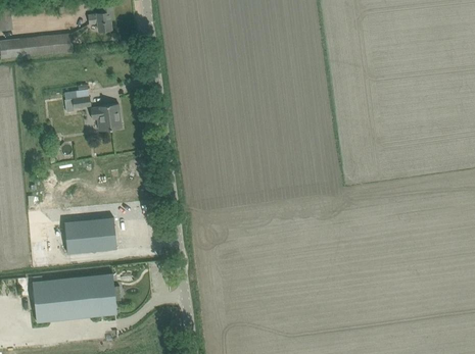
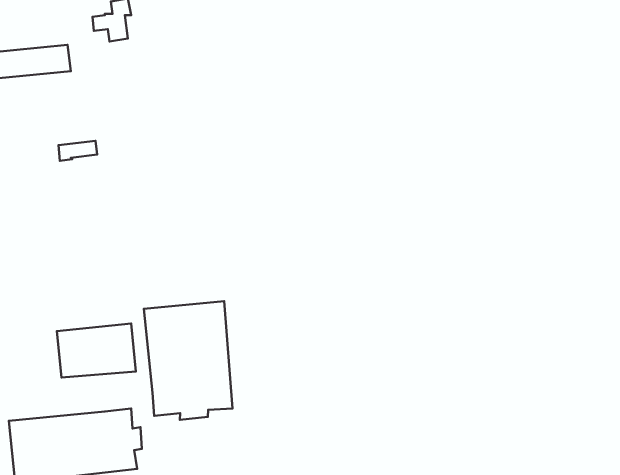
building: [90,104,121,132] -> none
building: none -> [144,301,233,420]

